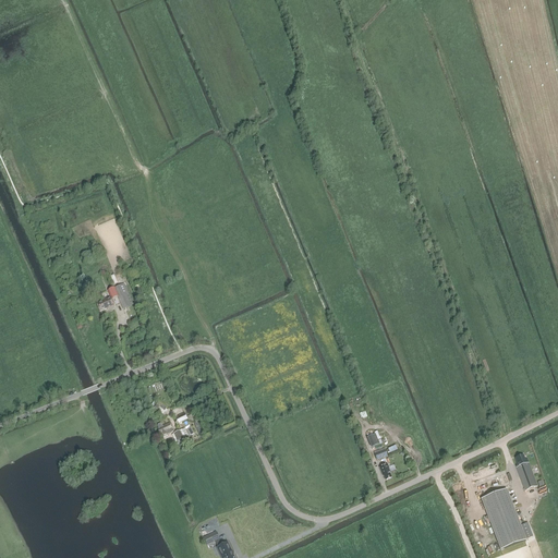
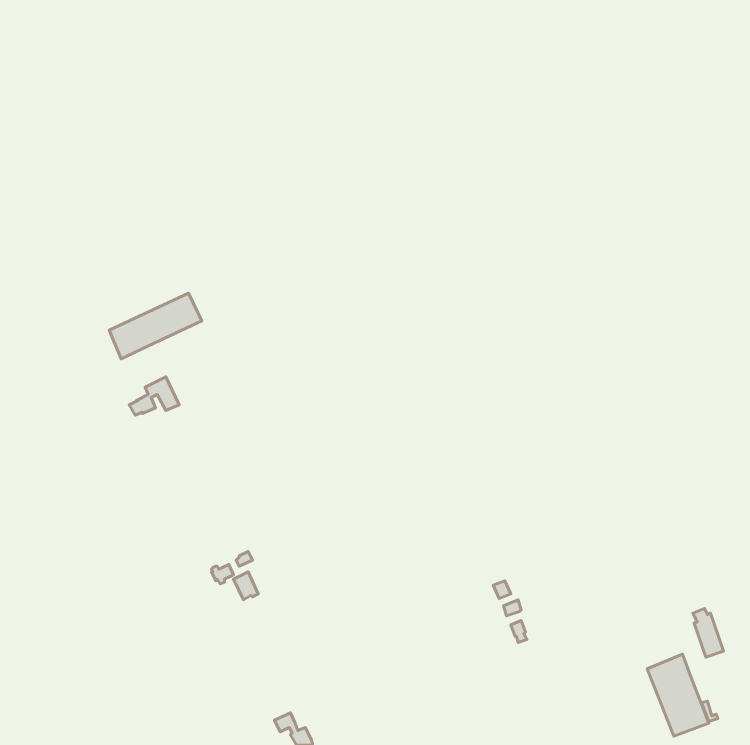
building: none -> [109,293,202,359]

